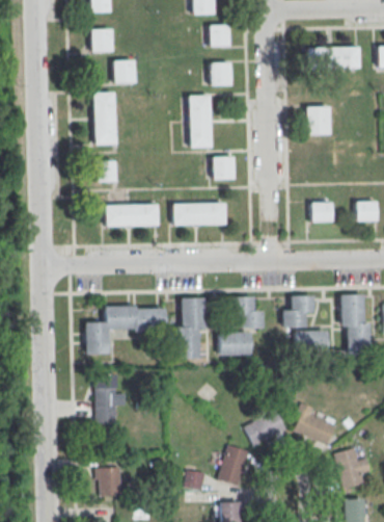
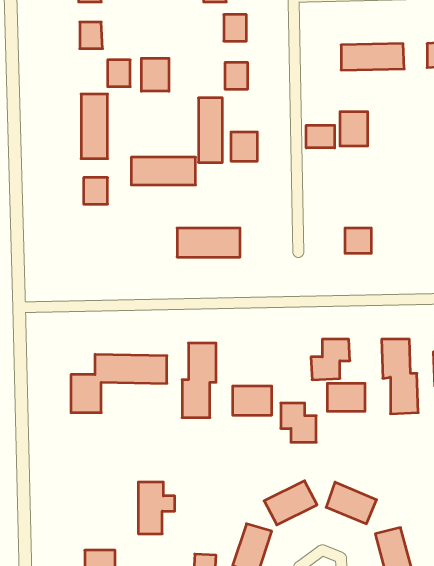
building: none -> [141,58,169,91]
building: none -> [306,125,335,148]
building: [212,156,234,180] -> [231,132,257,161]
building: [356,201,378,221] -> none
building: [105,204,158,227] -> [131,157,196,185]
building: [232,296,262,329] -> [281,403,316,442]
building: [95,382,126,424] -> [138,482,175,534]

